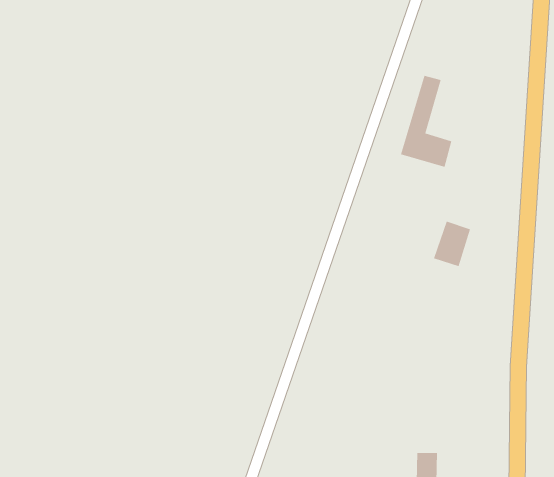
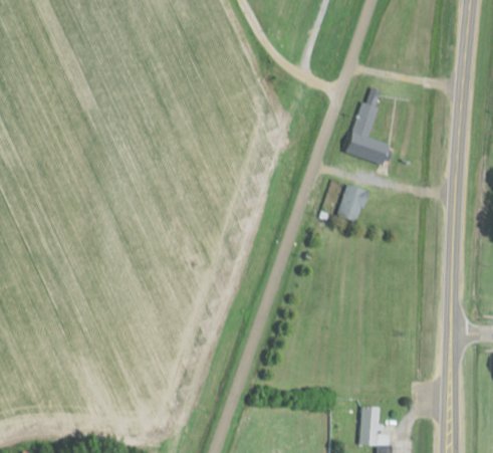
building: [433,221,471,267] -> [335,184,367,223]

